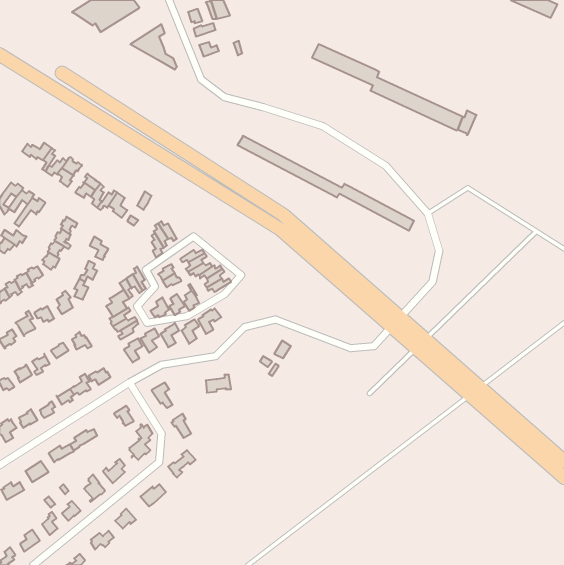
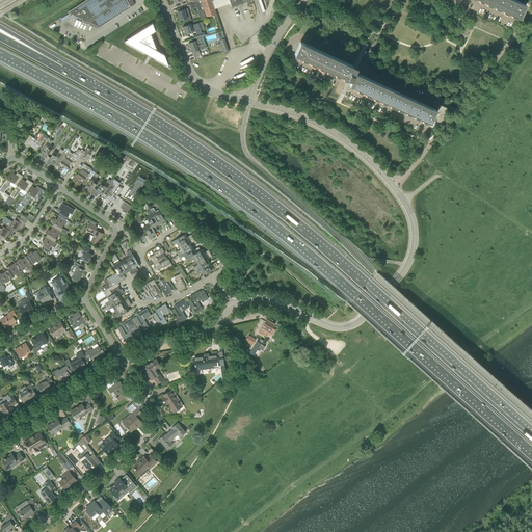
building: [238,136,414,231] -> none

